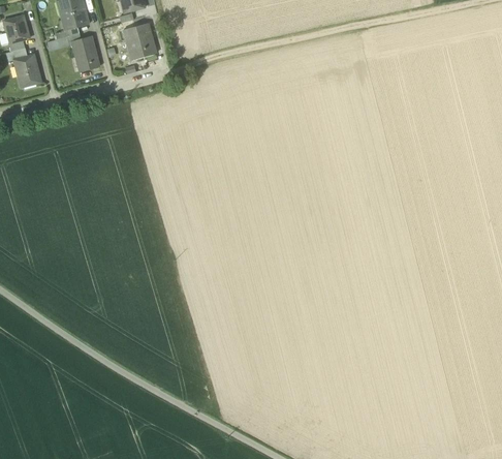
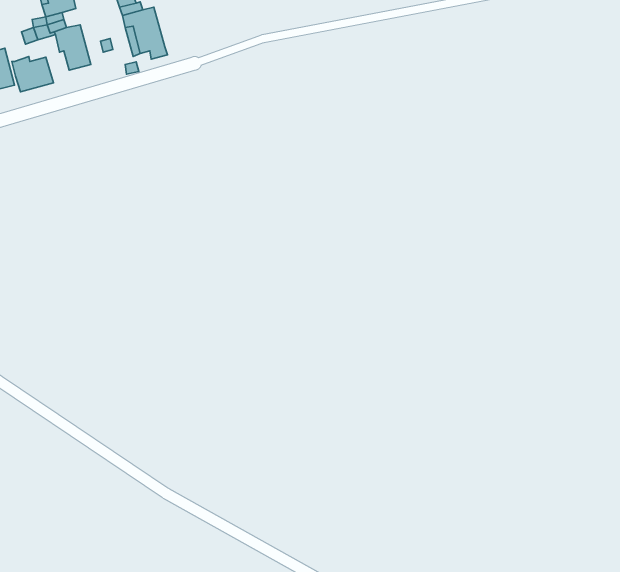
building: none -> [12,57,53,92]

